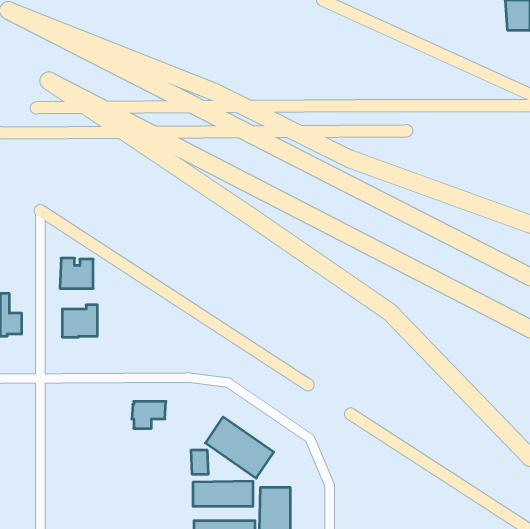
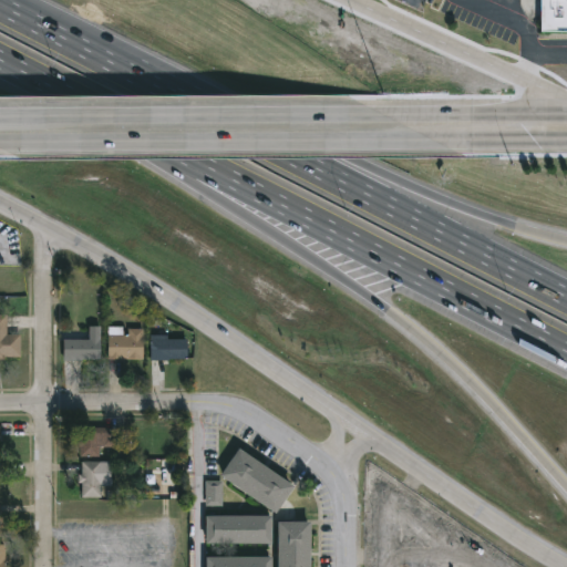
building: [60,258,93,288] -> [110,328,145,360]
building: none -> [153,336,183,361]
building: [132,401,166,428] -> [80,429,116,457]
building: none -> [81,463,110,498]

